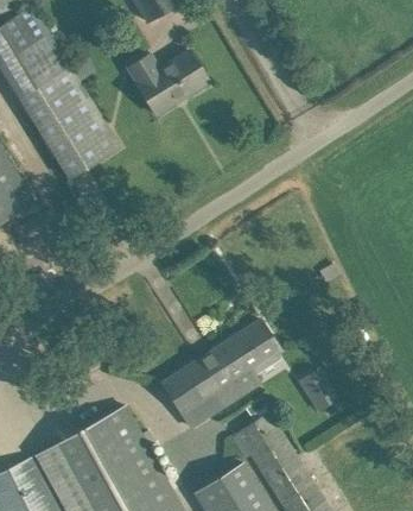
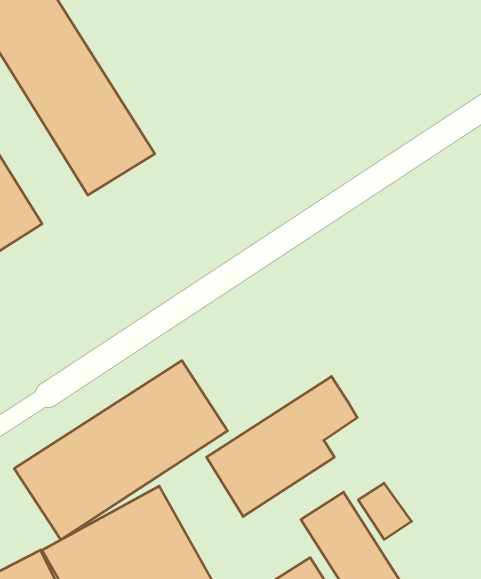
building: [128,51,209,115] -> none
building: none -> [14,361,227,540]
building: [300,367,342,411] -> [358,483,412,539]

